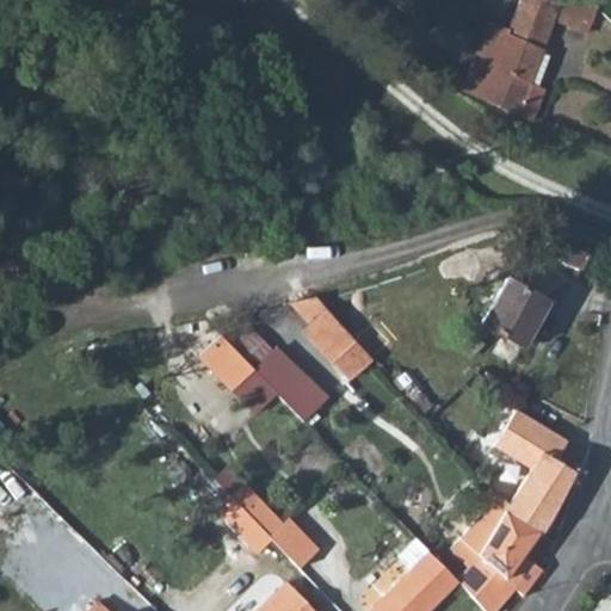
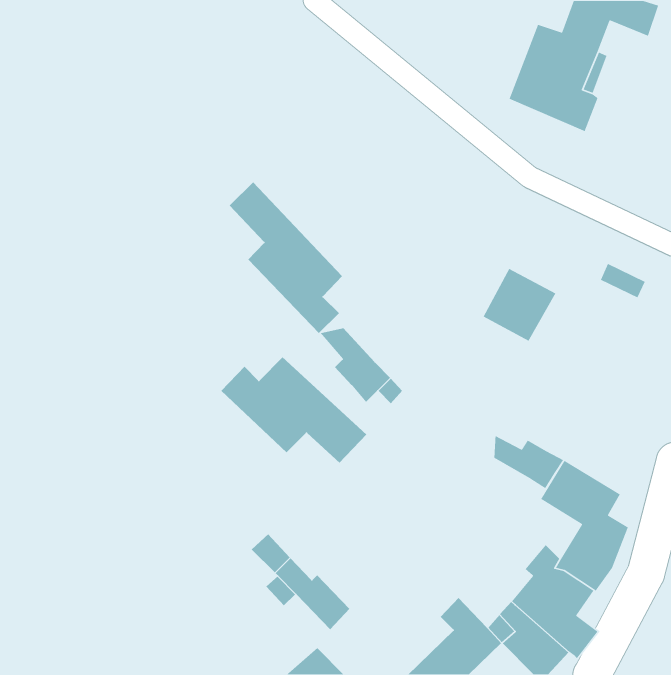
building: none -> [229,181,343,334]
building: [482,280,549,347] -> [483,268,557,342]
building: none -> [494,435,564,489]

